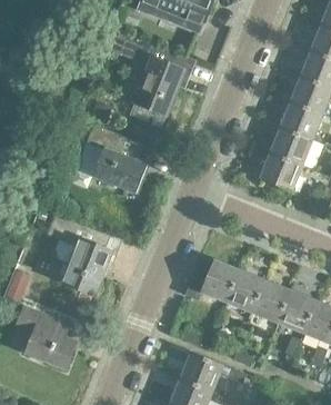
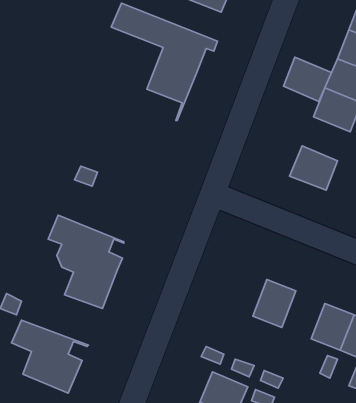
building: [87,122,147,194] -> none
building: [270,126,312,165] -> [284,57,332,101]
building: [184,259,239,302] -> none
building: [252,279,290,322] -> none

